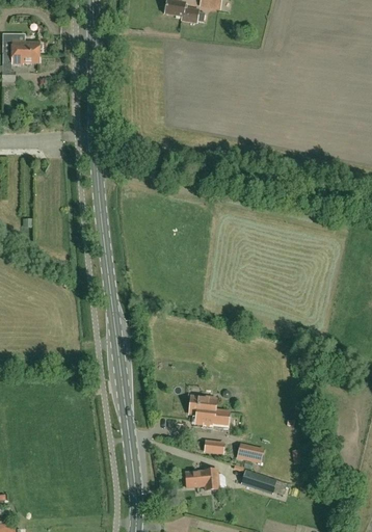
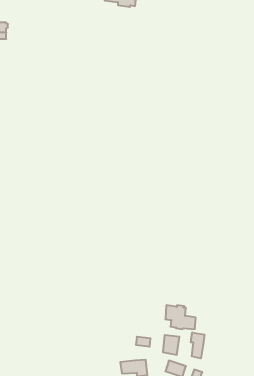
building: [190,395,229,425] -> [165,305,196,329]
building: none -> [191,332,205,358]

